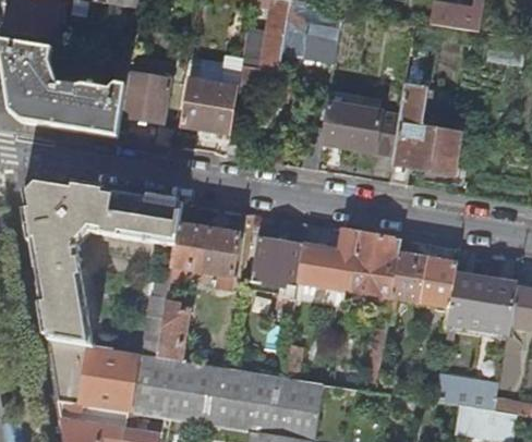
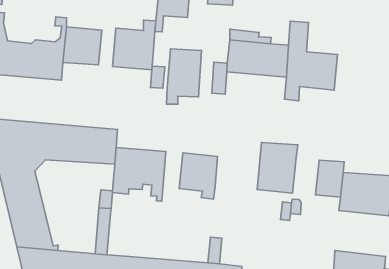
building: none -> [166,49,201,104]
building: [297,229,358,290] -> none
building: [391,254,427,302] -> none
building: [156,306,188,359] -> none

